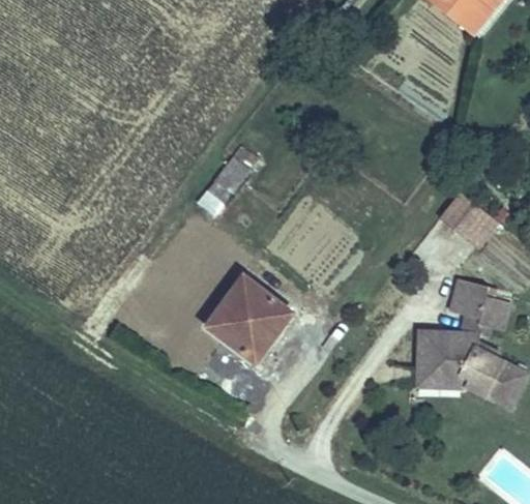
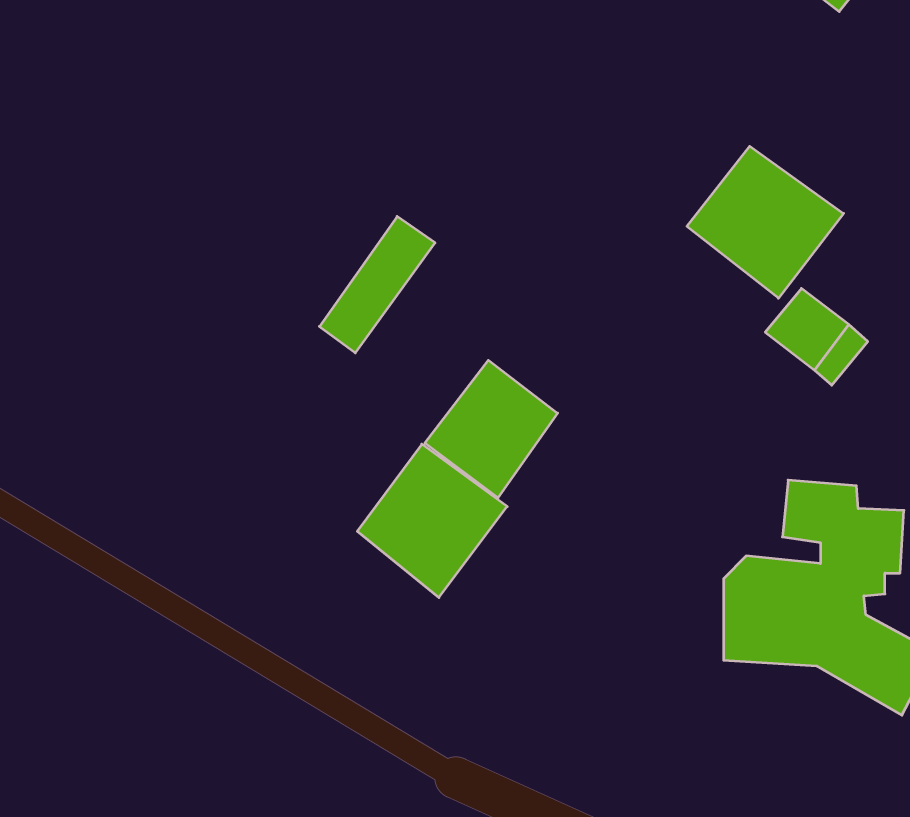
building: none -> [687,146,844,298]
building: none -> [425,360,558,498]

